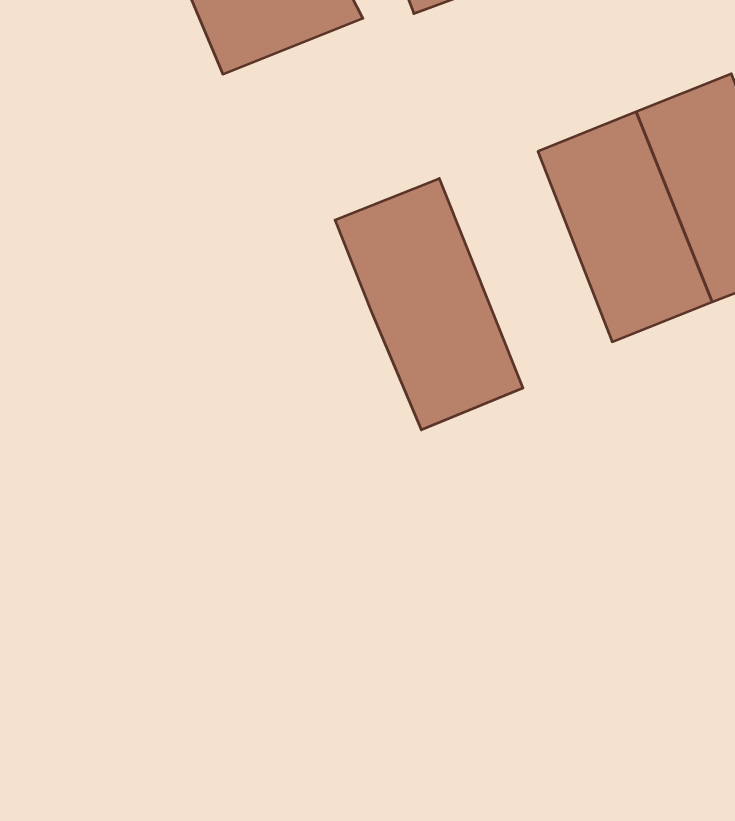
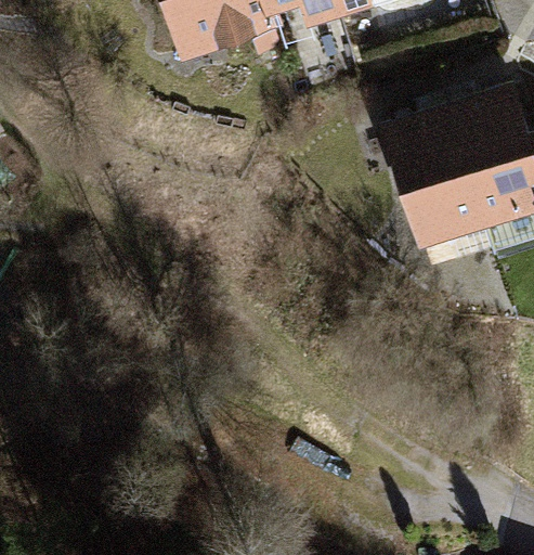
building: [335,178,523,430] -> none

